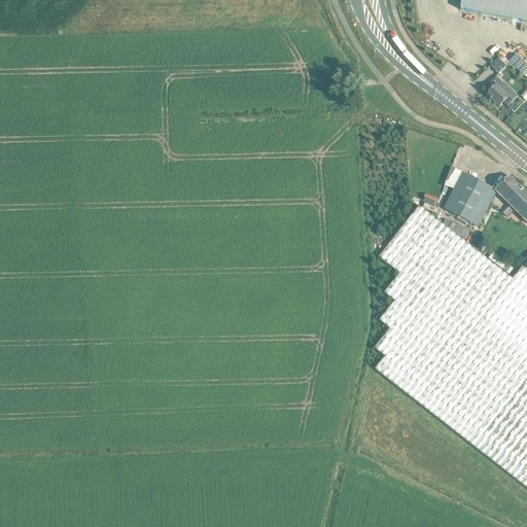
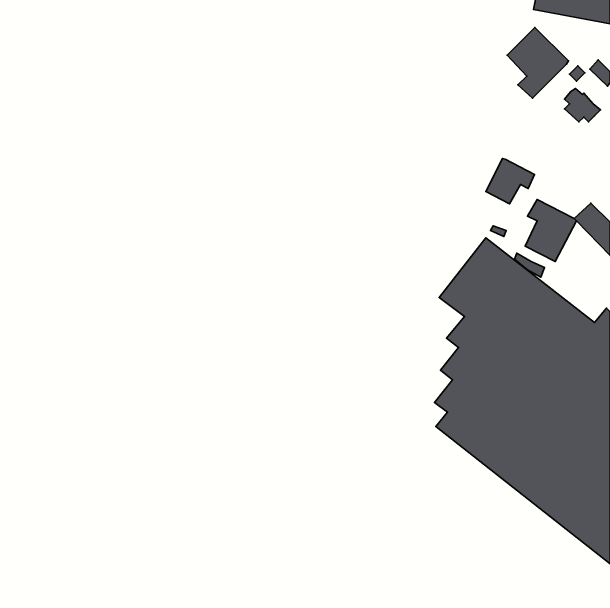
building: none -> [507,28,568,98]
building: none -> [486,159,535,204]

